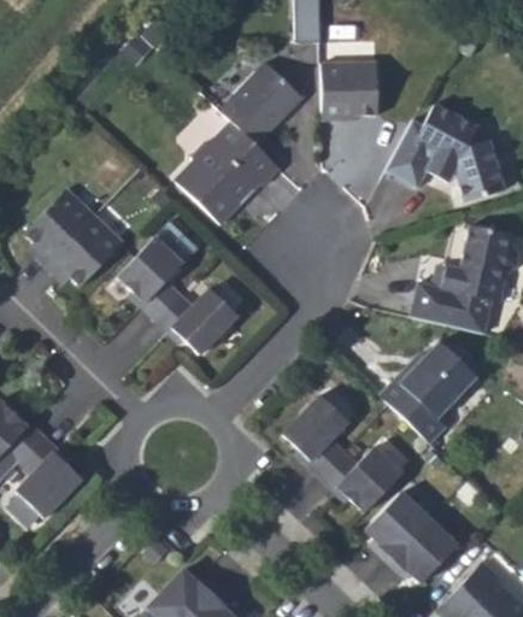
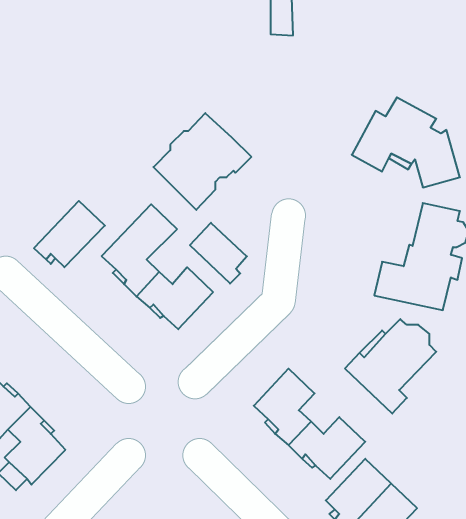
building: [325,58,382,117] -> none
building: [219,61,302,148] -> none
building: [24,188,95,266] -> none
building: none -> [190,223,247,284]

